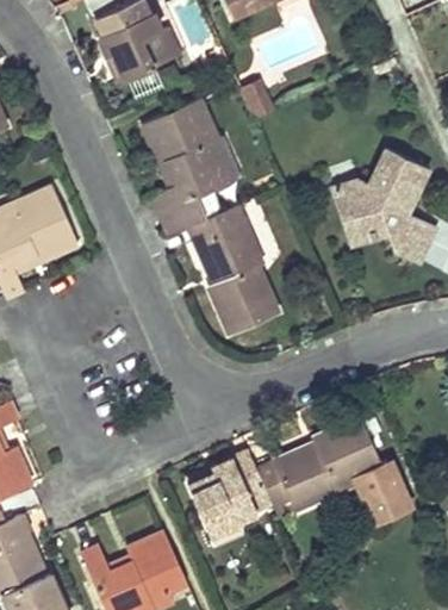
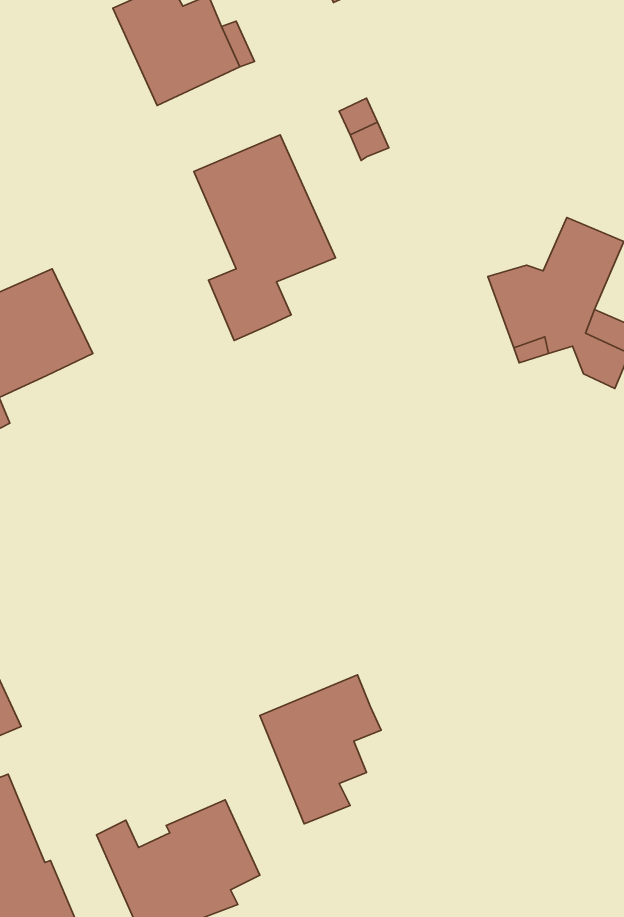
building: [192,210,279,334] -> none
building: [259,418,410,531] -> none

